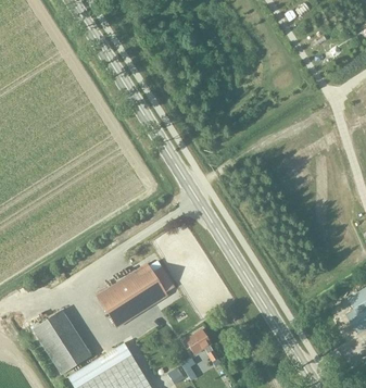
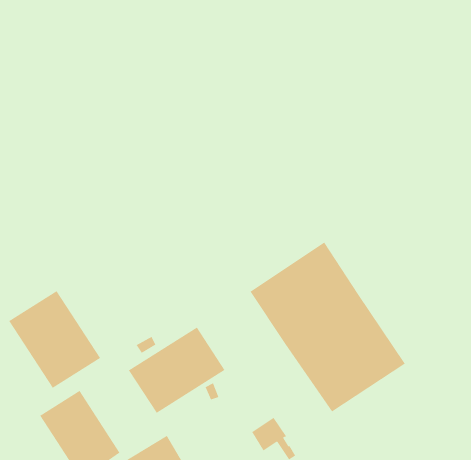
building: none -> [250,242,406,412]
building: none -> [8,290,101,389]

